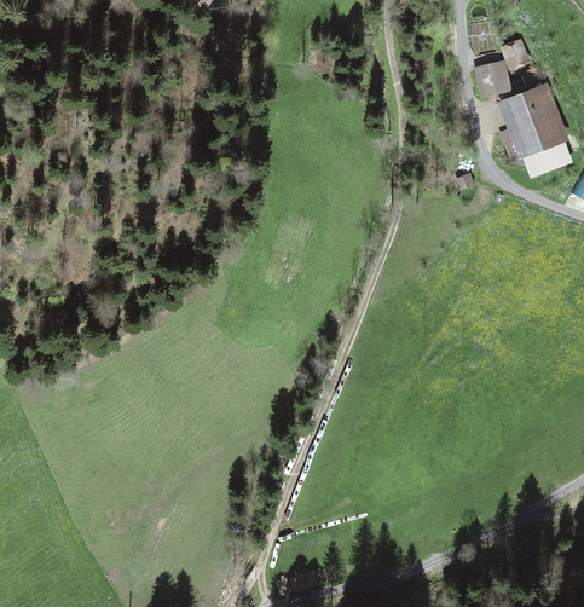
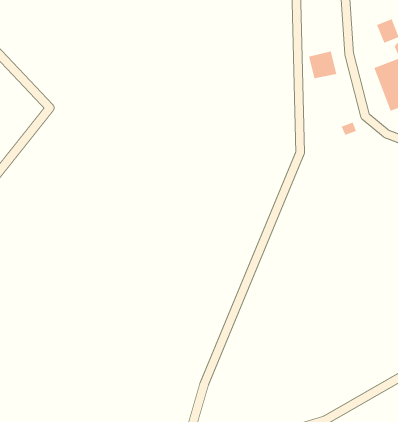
building: [474,60,511,97] -> [308,51,337,79]

